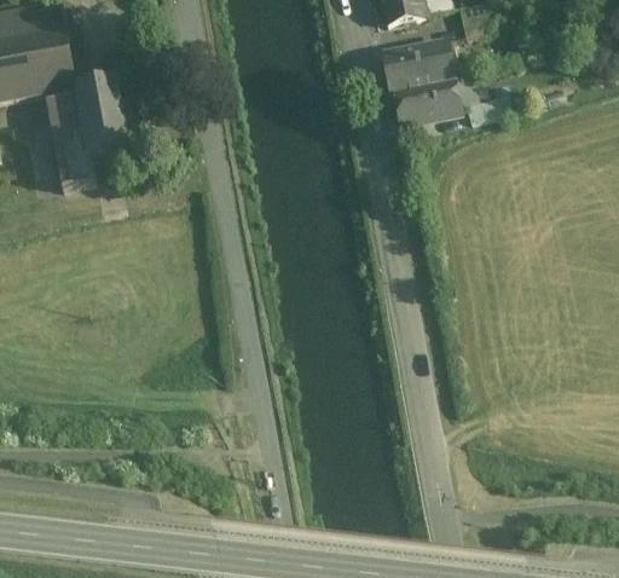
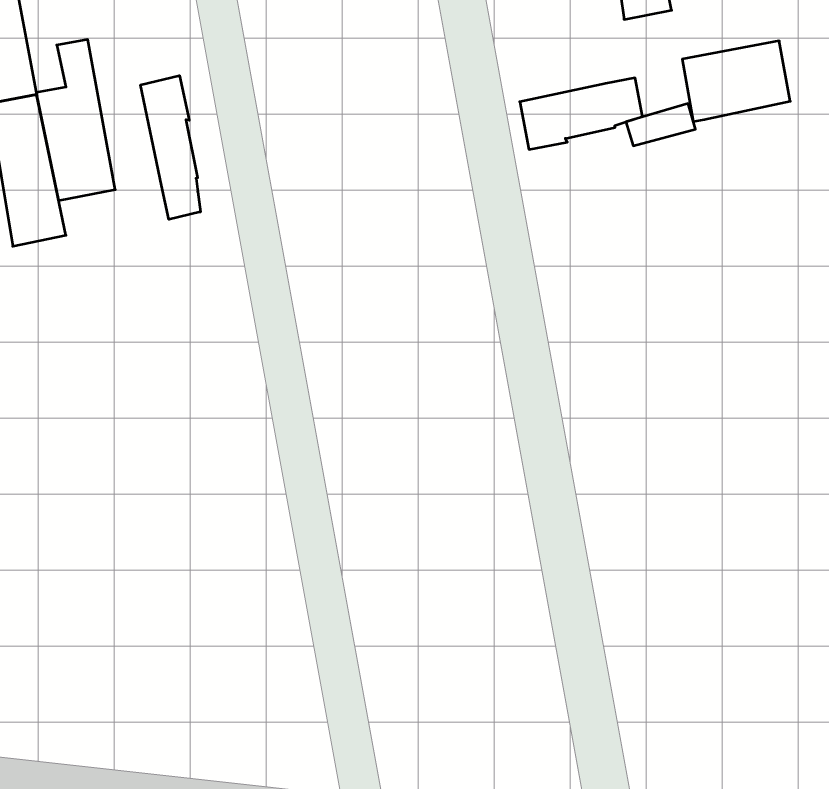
building: [377,41,449,94] -> [682,41,790,121]
building: none -> [141,76,200,219]

